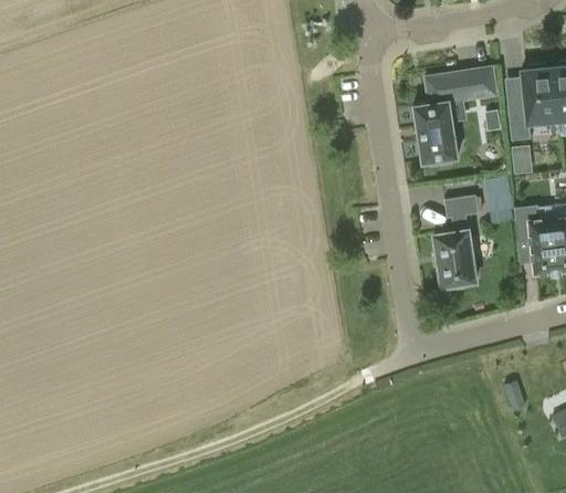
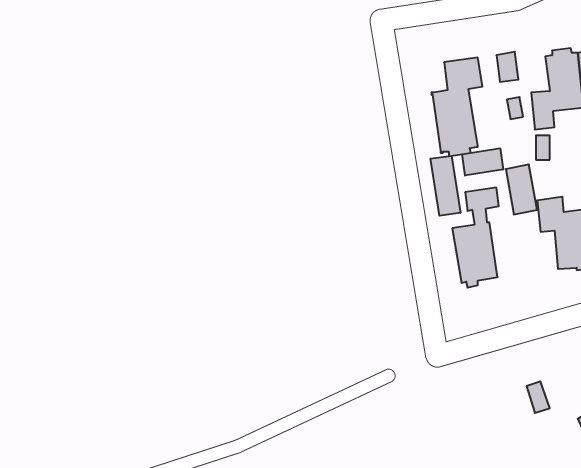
building: none -> [462,148,503,176]
building: none -> [430,156,460,216]

